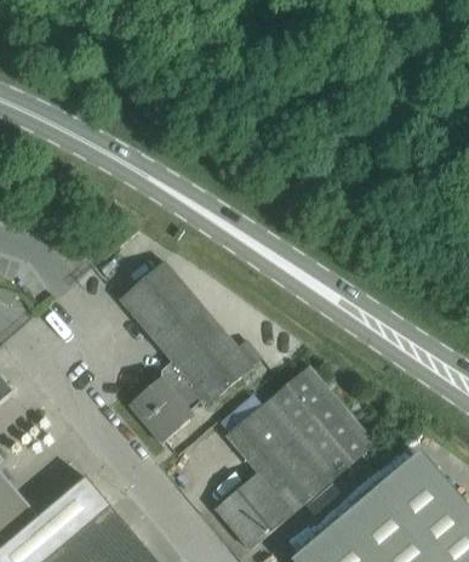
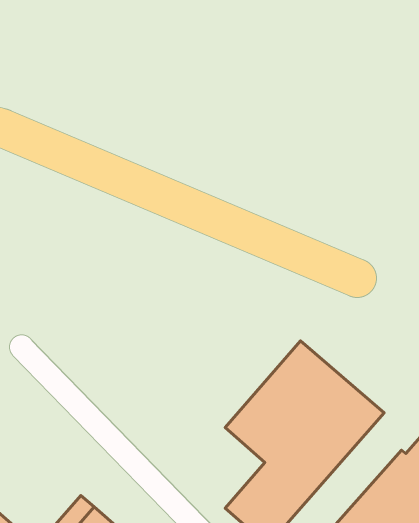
building: [120,261,261,443] -> none

